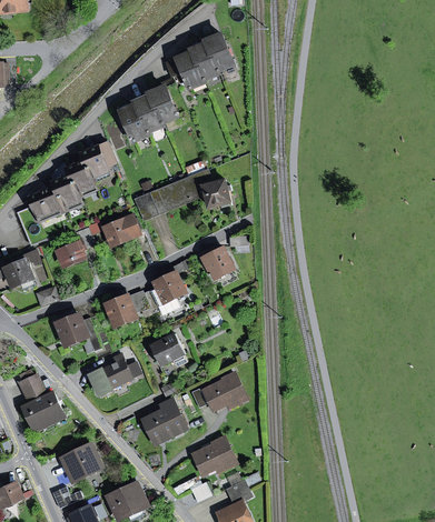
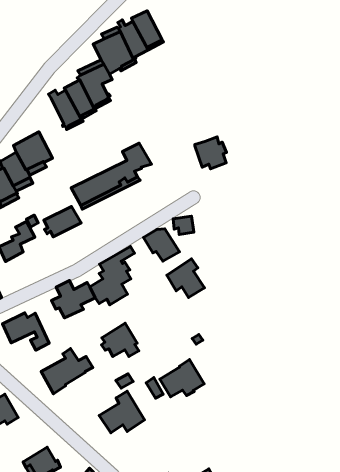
building: [202,179,233,209] -> [195,137,227,169]
building: none -> [167,259,205,298]
building: [192,438,236,472] -> none

